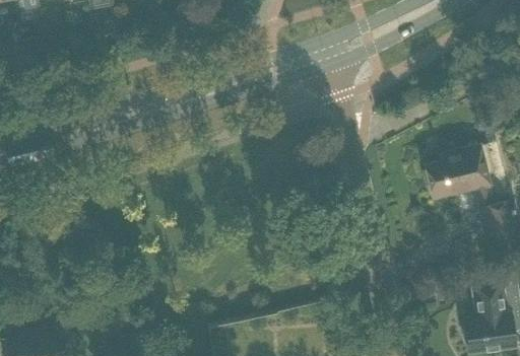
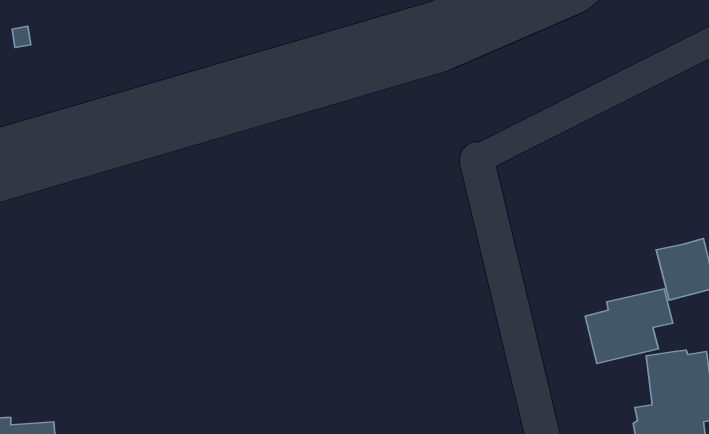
building: [425,146,486,199] -> [585,289,673,363]

